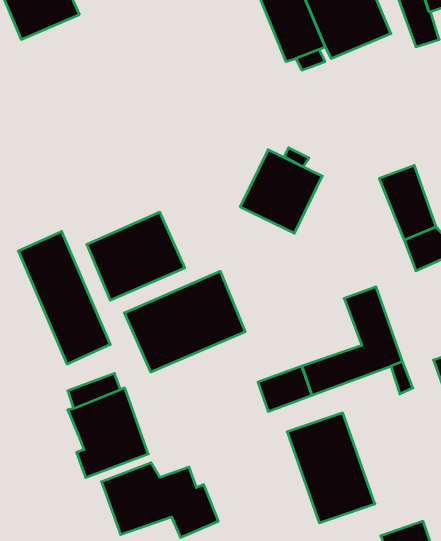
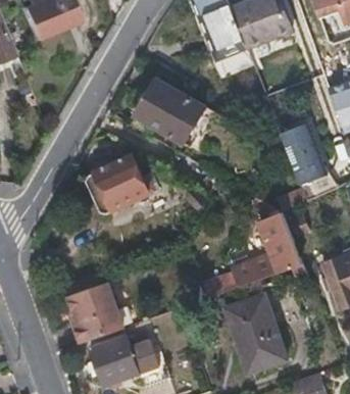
building: [240,150,322,233] -> [137,80,194,138]
building: [18,231,110,364] -> none
building: [124,271,245,372] -> none

